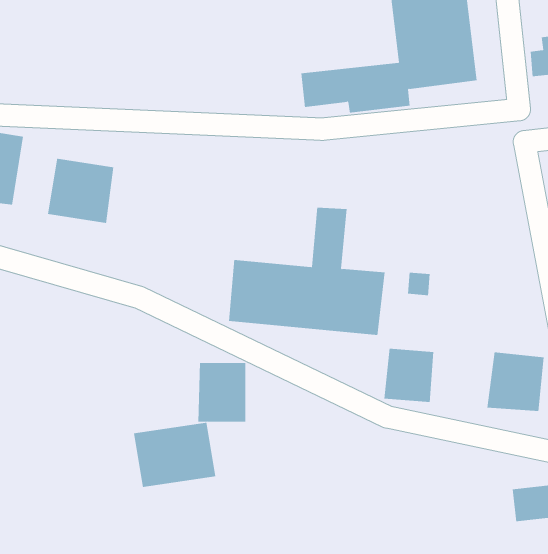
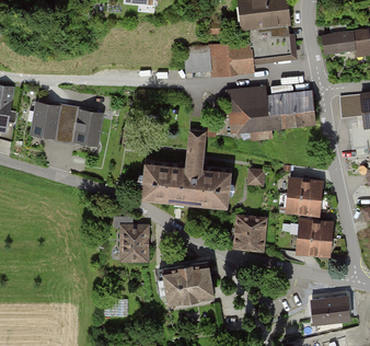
building: none -> [224,87,313,139]
building: none -> [66,106,106,145]
building: none -> [285,177,320,214]
building: [133,422,216,487] -> [161,263,211,302]

